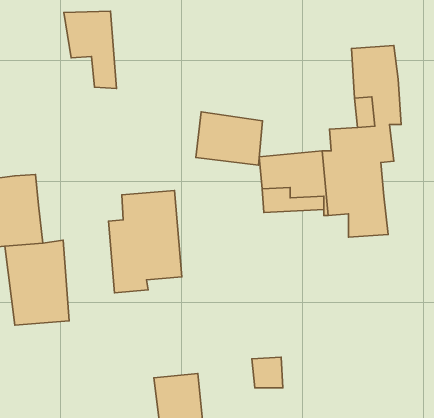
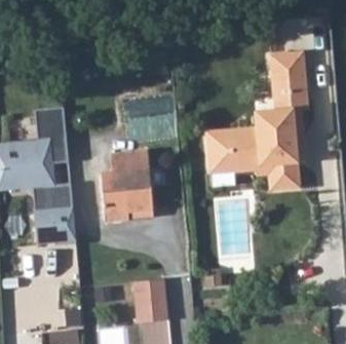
building: [64,11,116,89] -> [31,109,68,163]
building: [196,112,263,165] -> none

